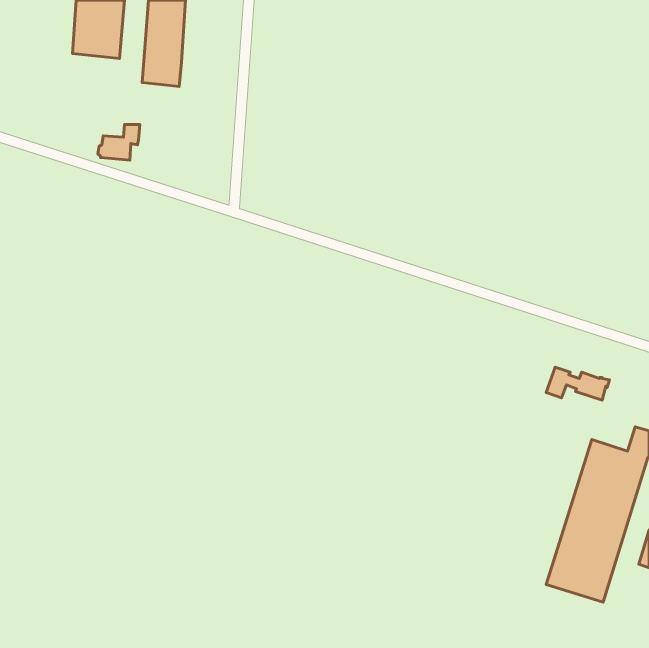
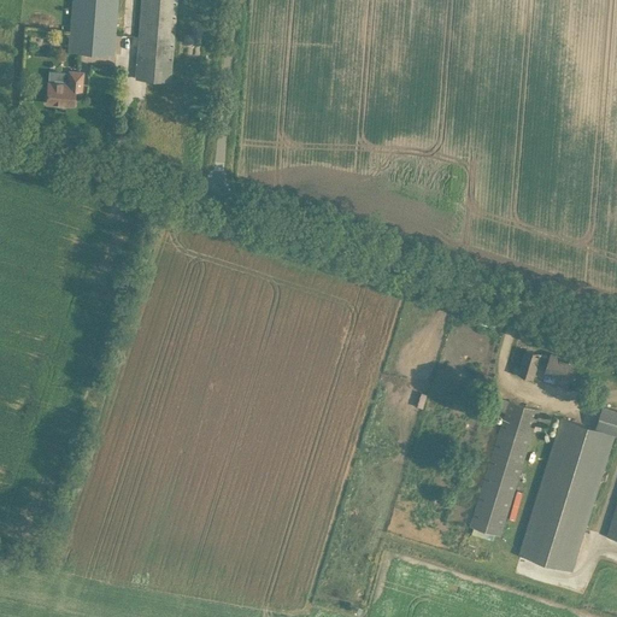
building: [98,124,140,160] -> [43,72,83,106]
building: none -> [471,401,540,535]

